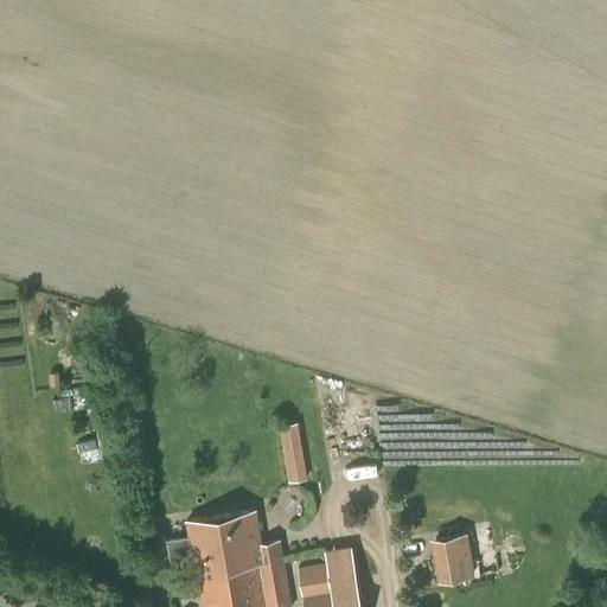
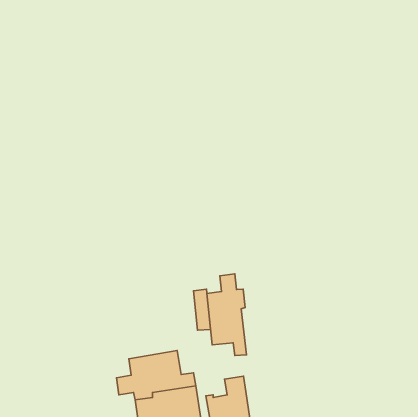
building: none -> [207,274,247,356]
building: [429,533,473,587] -> none

